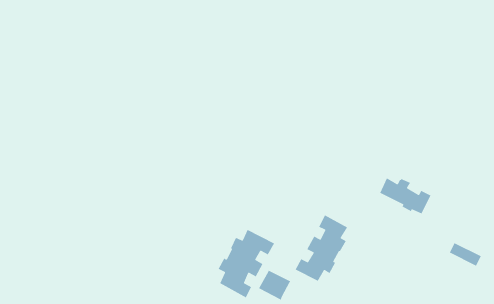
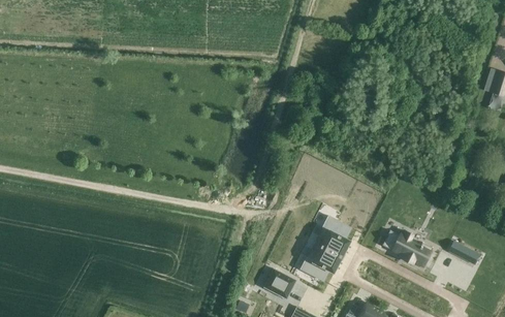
building: [379,177,431,214] -> [380,229,431,265]
building: [218,229,275,299] -> none

